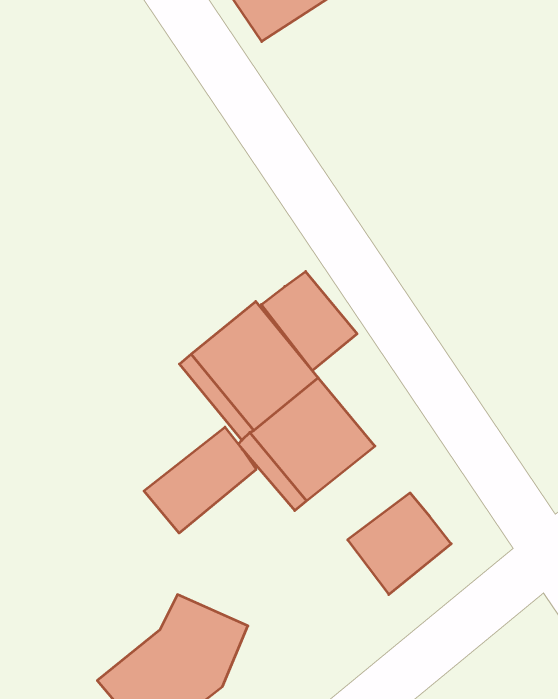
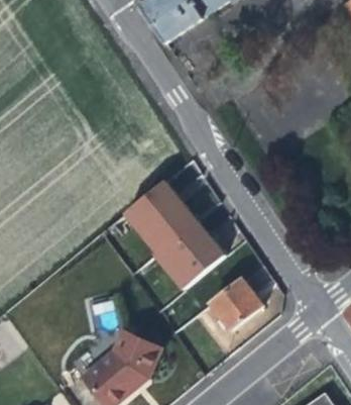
building: [261,271,357,371] -> none
building: [144,427,256,533] -> none

